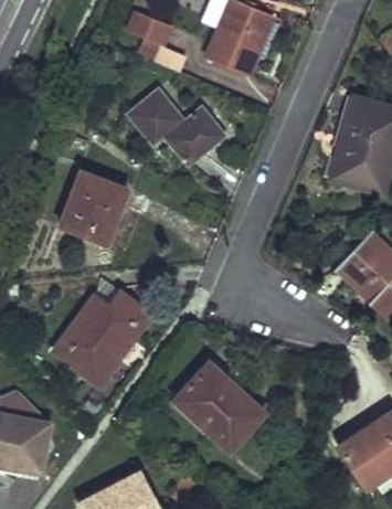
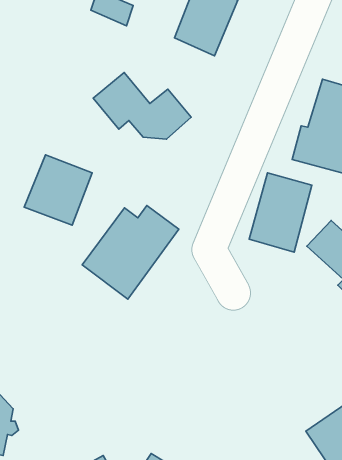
building: none -> [249,173,312,252]
building: [54,293,150,385] -> [82,206,179,299]
building: [174,364,265,452] -> none

